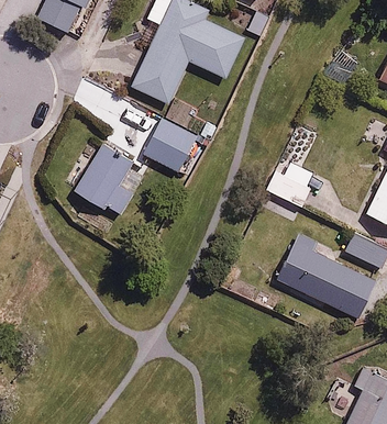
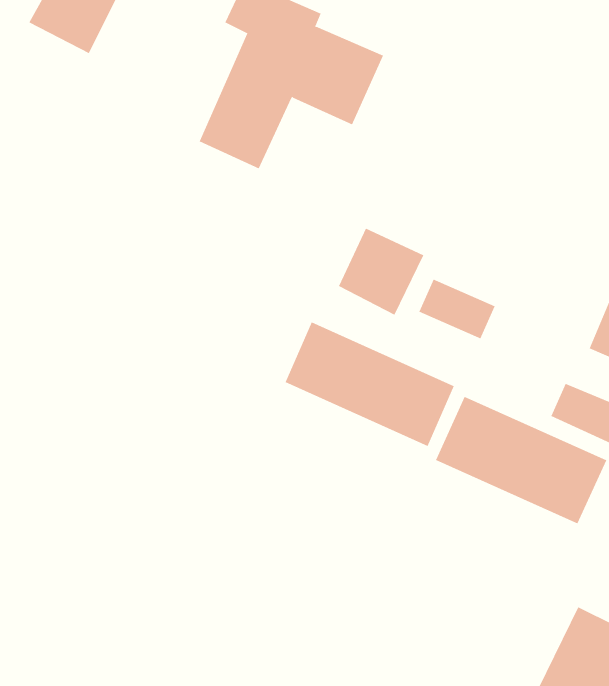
building: [145,119,197,171] -> [338,228,424,316]
building: [79,140,141,215] -> none
building: none -> [285,322,455,447]

